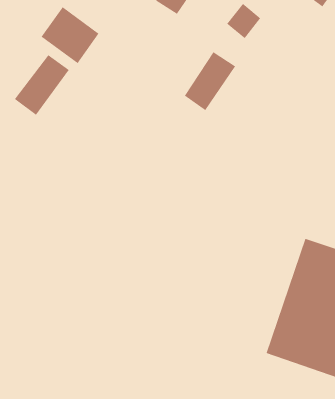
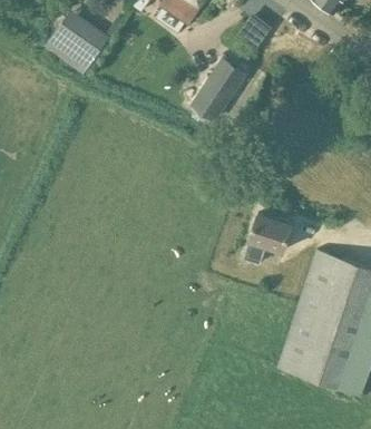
building: [14,54,70,116] -> none
building: none -> [250,215,293,252]

